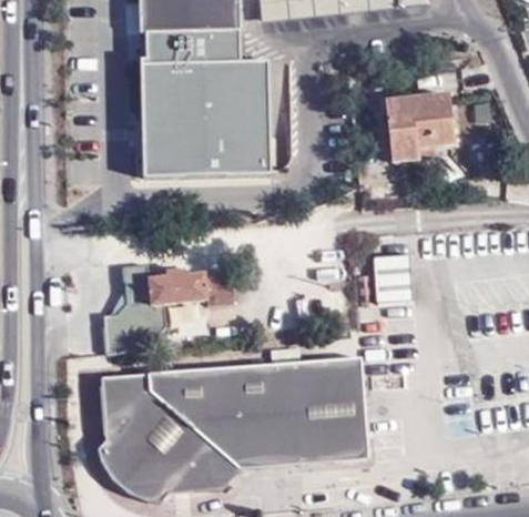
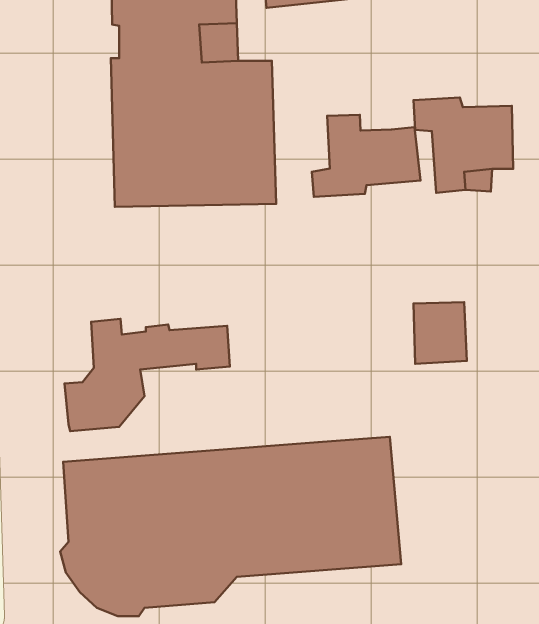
building: none -> [312,115,421,197]

